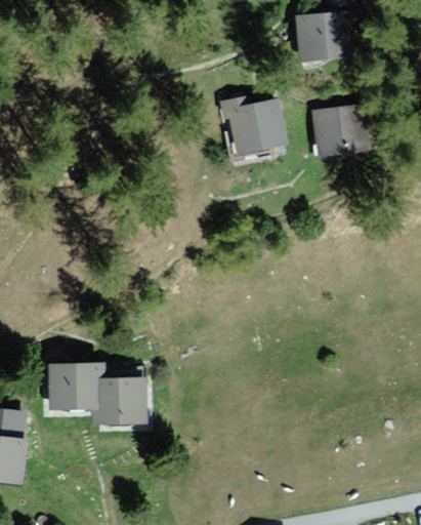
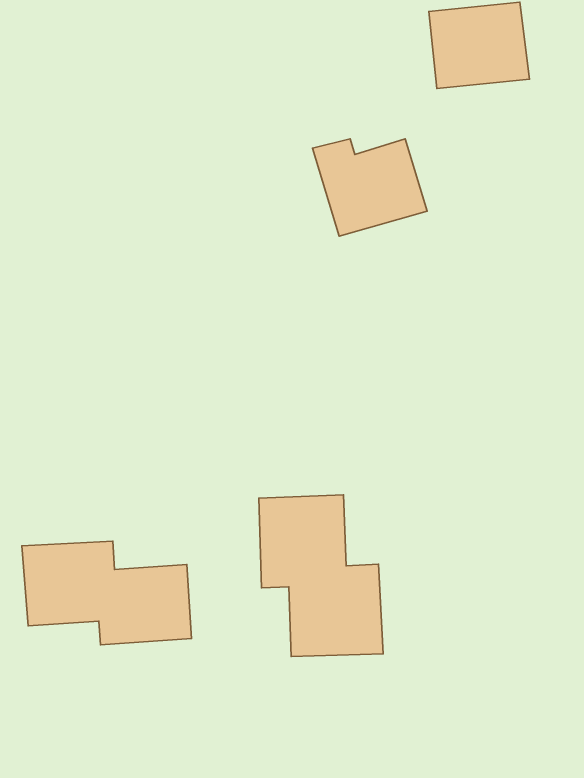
building: [310,99,371,157] -> none
building: none -> [259,495,383,657]

